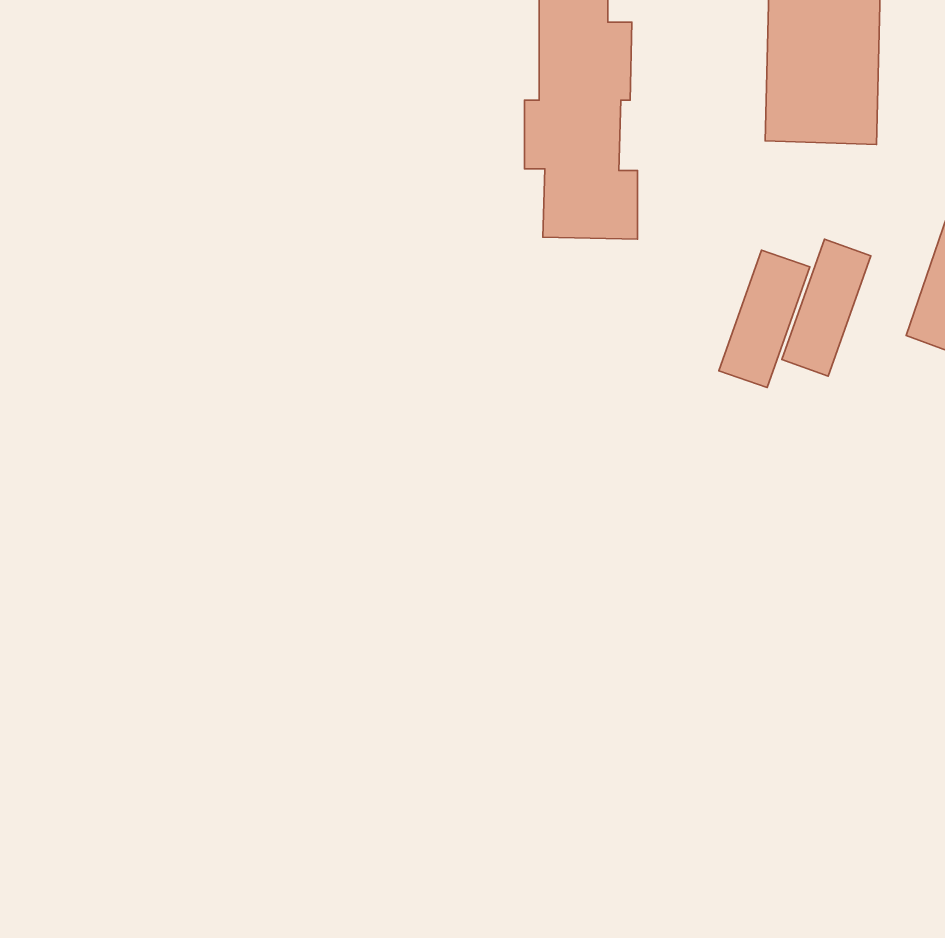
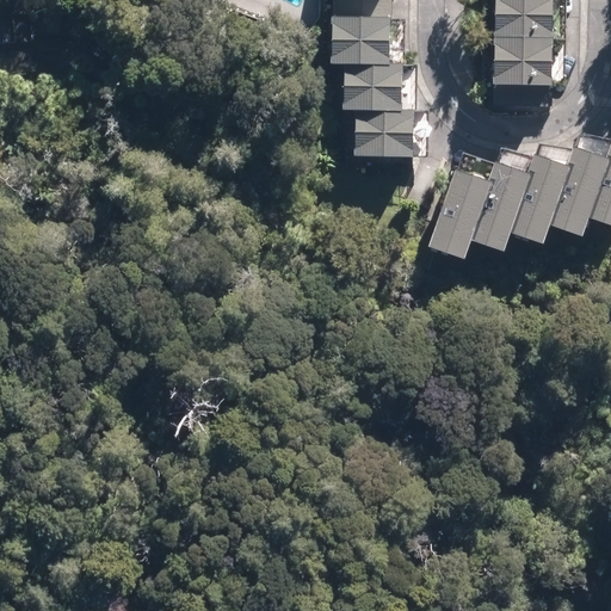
building: none -> [545,148,604,235]
building: none -> [426,169,483,257]

